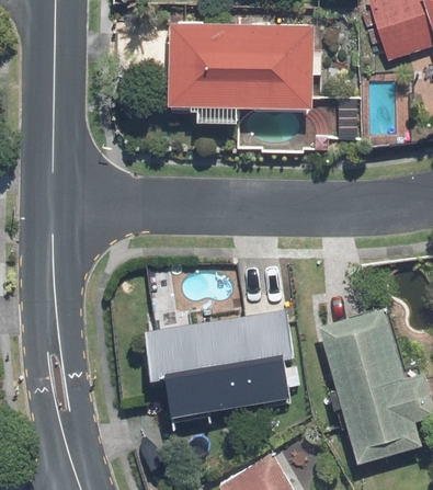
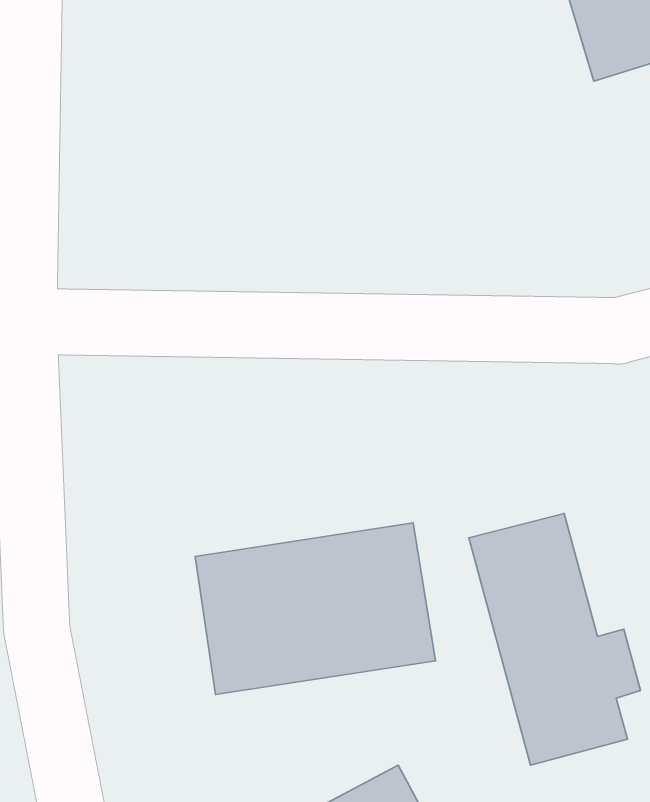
building: [175,24,310,111] -> none

